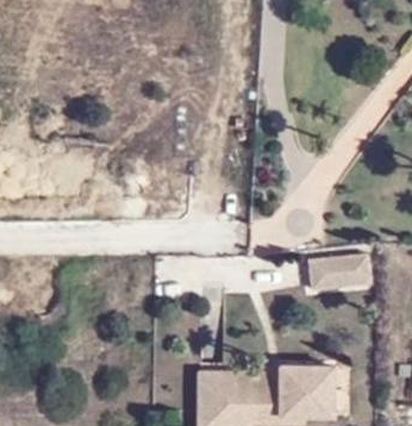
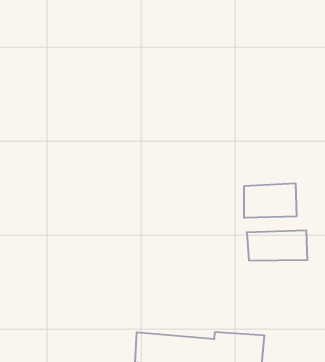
building: none -> [244,183,296,218]

